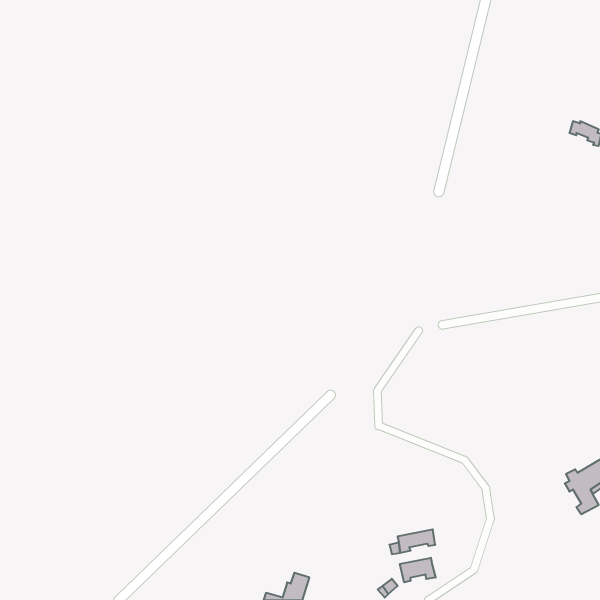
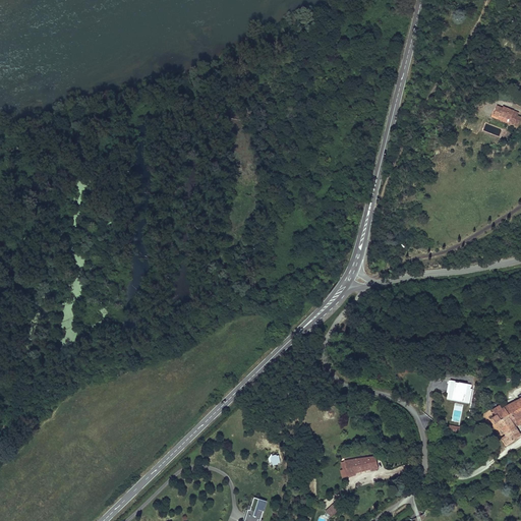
building: none -> [447,379,474,402]
building: [400,558,436,582] -> none

